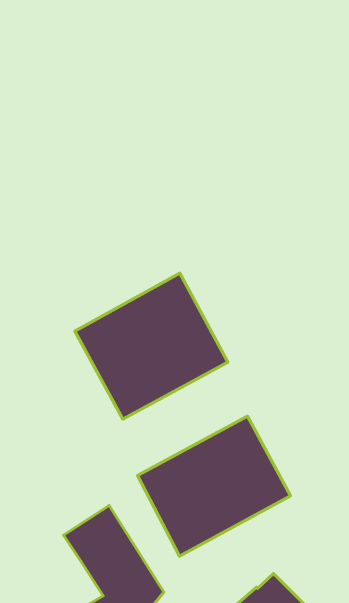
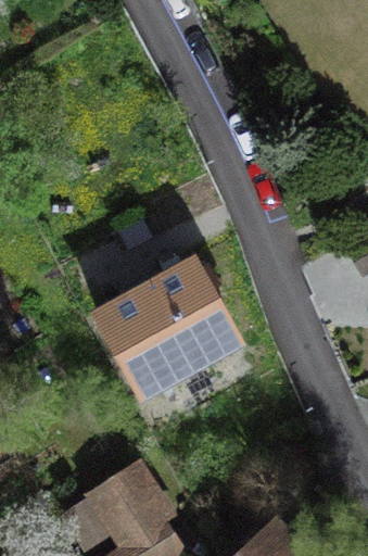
building: [137,416,291,556] -> none

